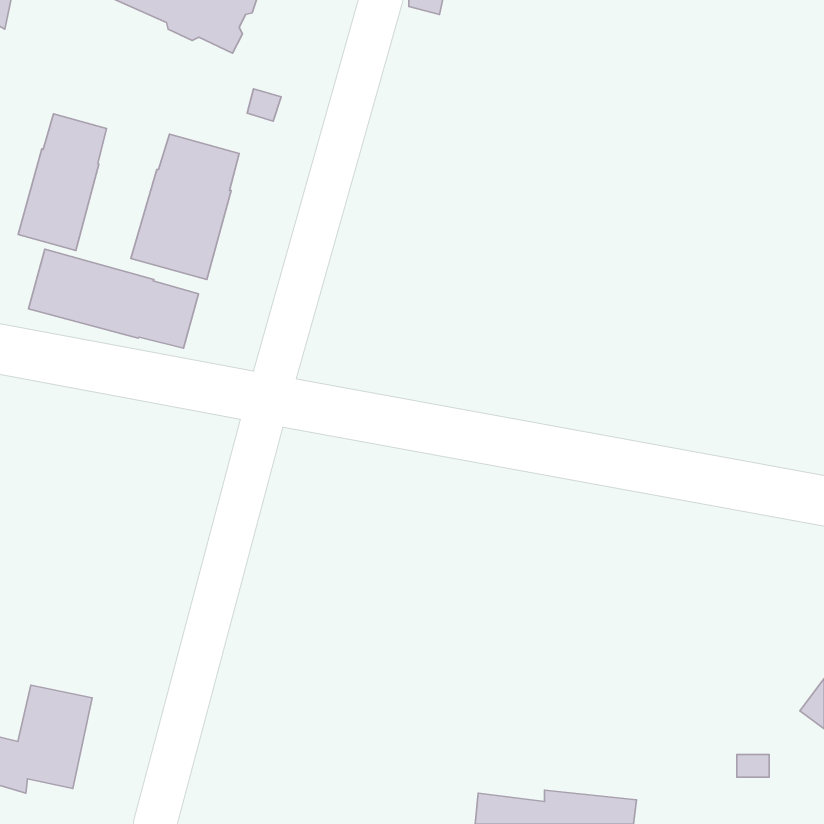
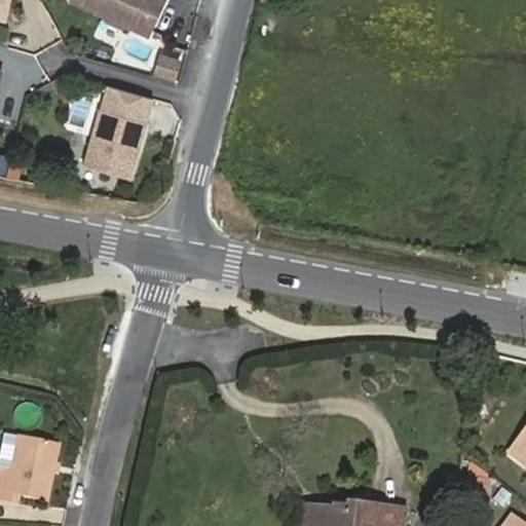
building: [18,114,106,251] -> none
building: [28,249,198,348] -> none

